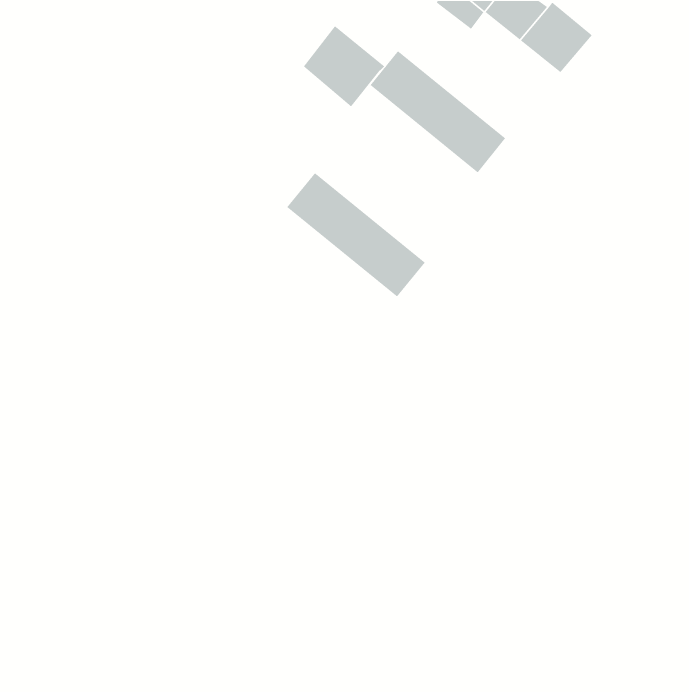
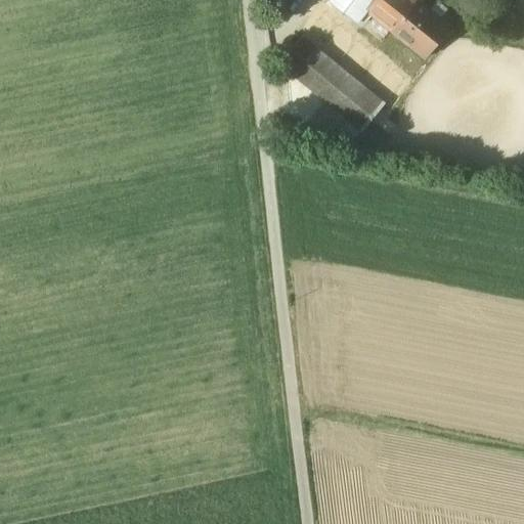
building: [303,25,385,107] -> none
building: [286,172,426,298] -> none

